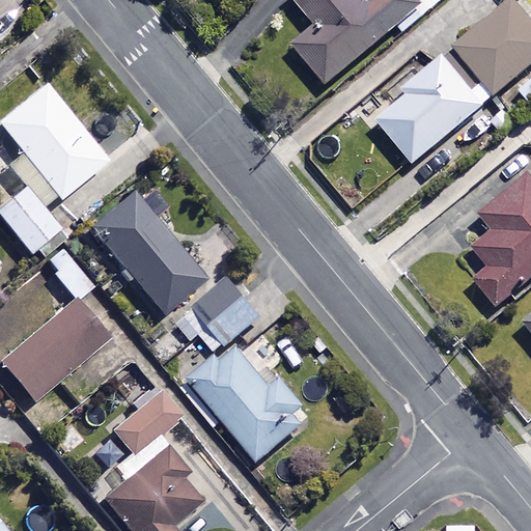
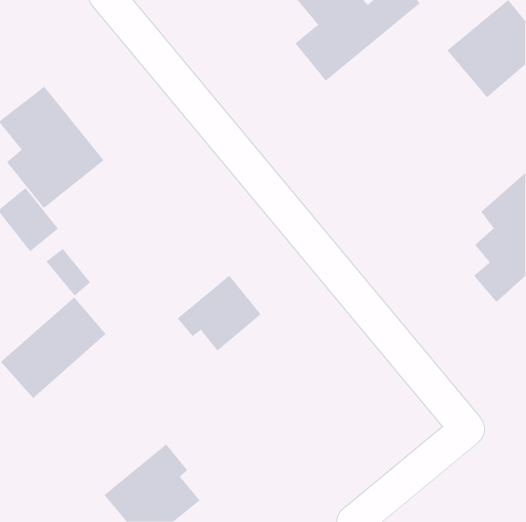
building: [380,51,488,161] -> none
building: [90,188,207,314] -> none
building: [191,343,308,459] -> none
building: [111,391,175,454] -> none

